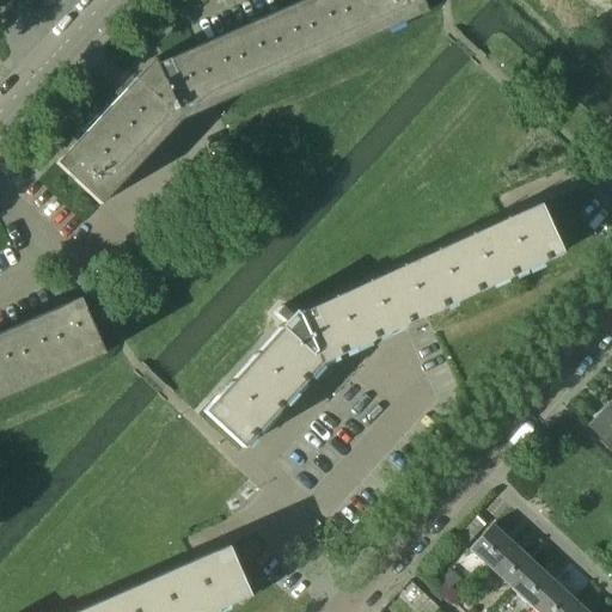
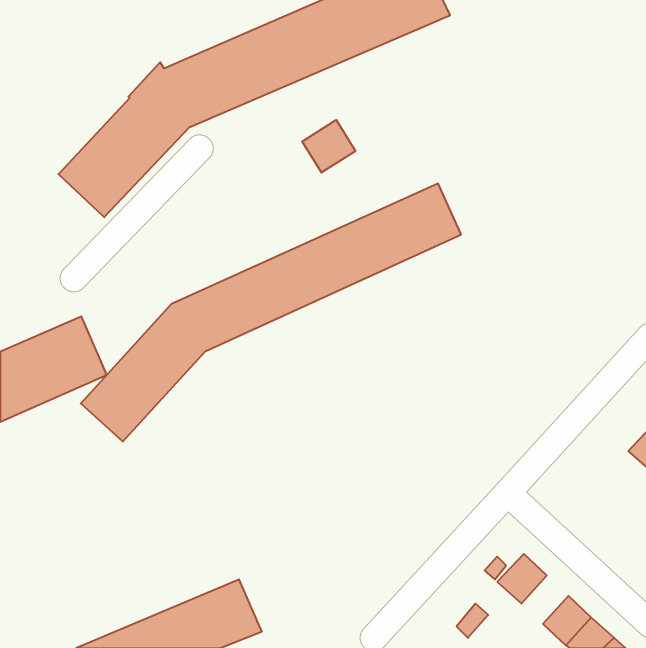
building: none -> [302,120,355,173]
building: [204,206,562,448] -> [81,184,461,442]
building: [494,541,538,587] -> none

